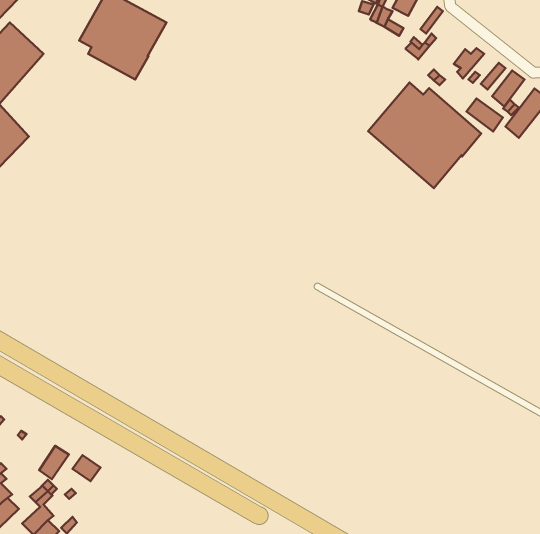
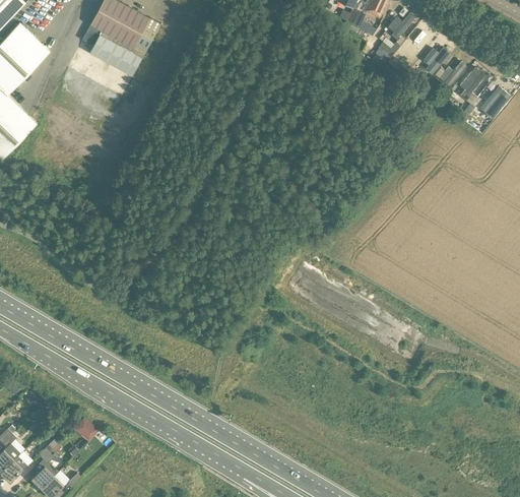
building: [368,83,481,188] -> none
building: [467,99,503,131] -> none
building: [39,446,69,479] -> none

